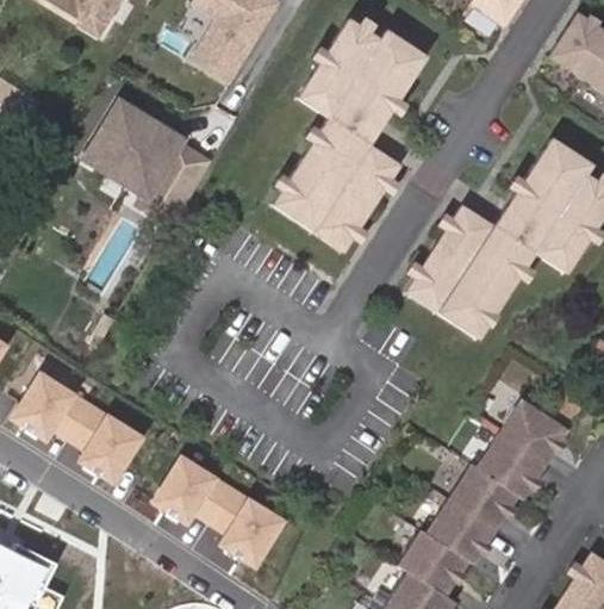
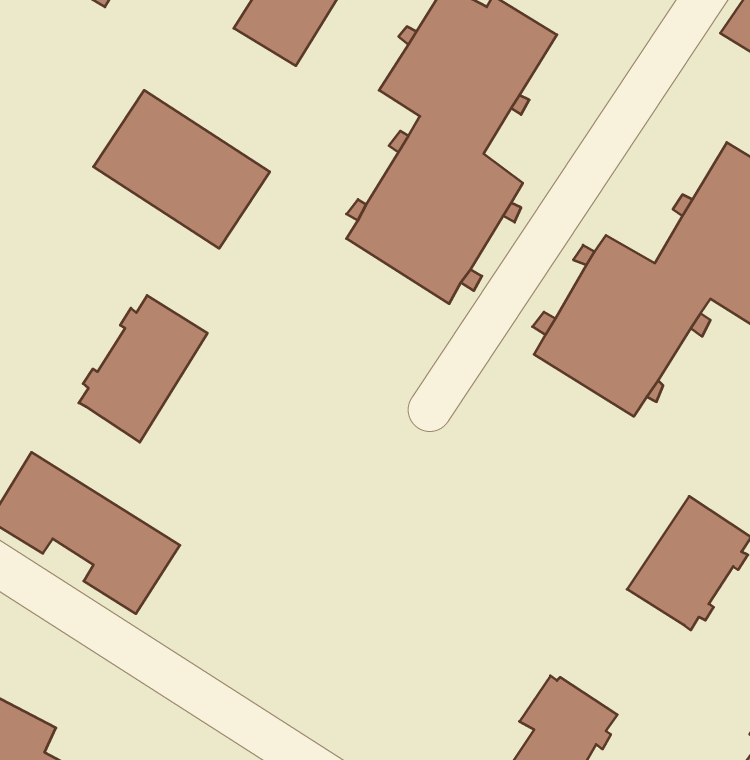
building: none -> [79,295,207,442]
building: [150,450,289,568] -> none
building: [426,462,517,560] -> none

